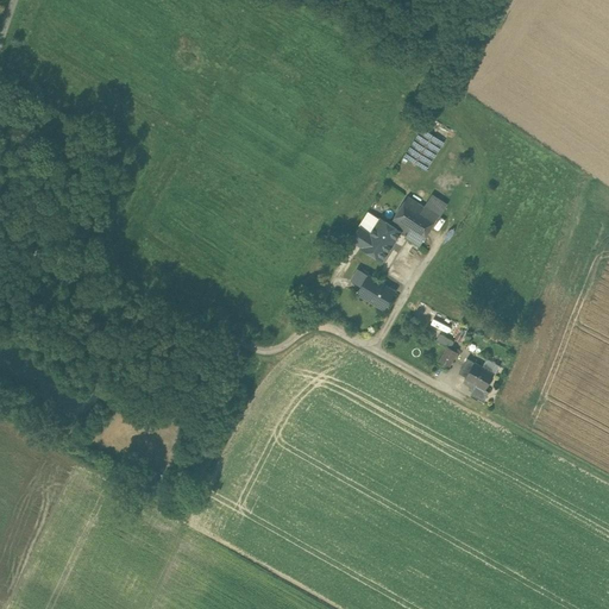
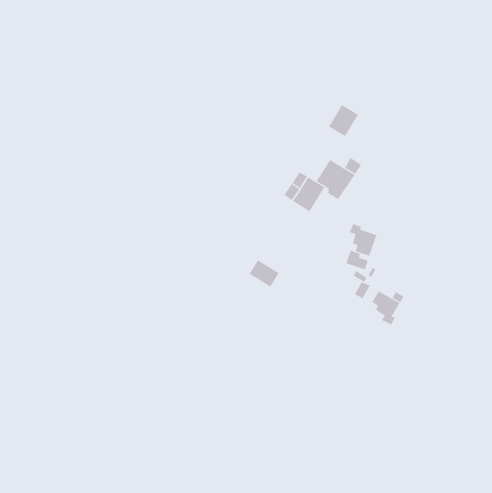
building: [356,275,394,309] -> [249,260,280,287]
building: none -> [349,223,377,257]

